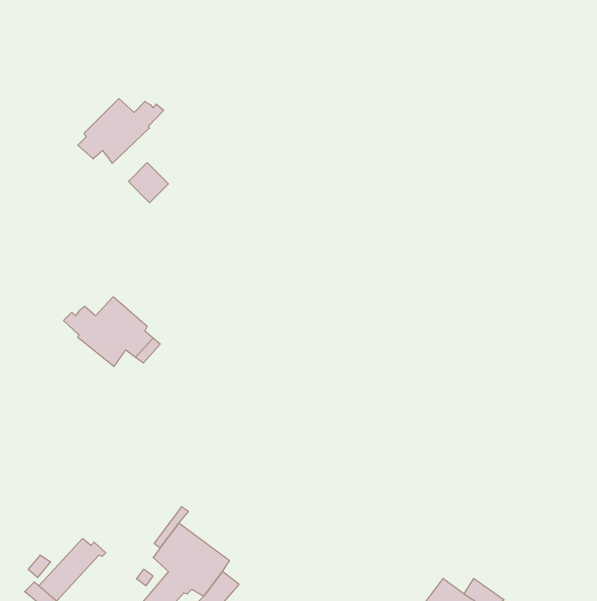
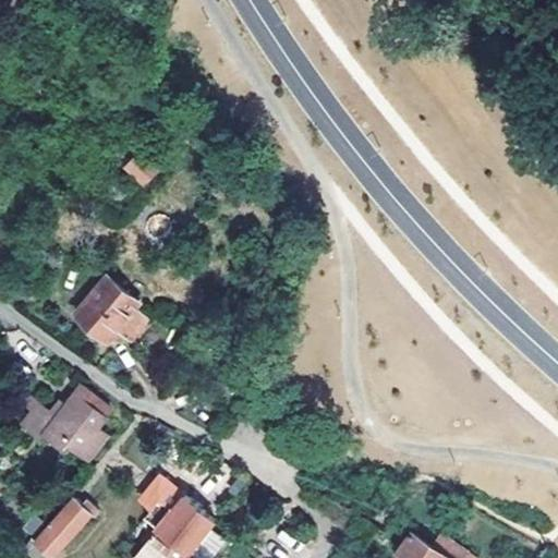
building: [78,99,164,163] -> none
building: none -> [45,387,107,454]

